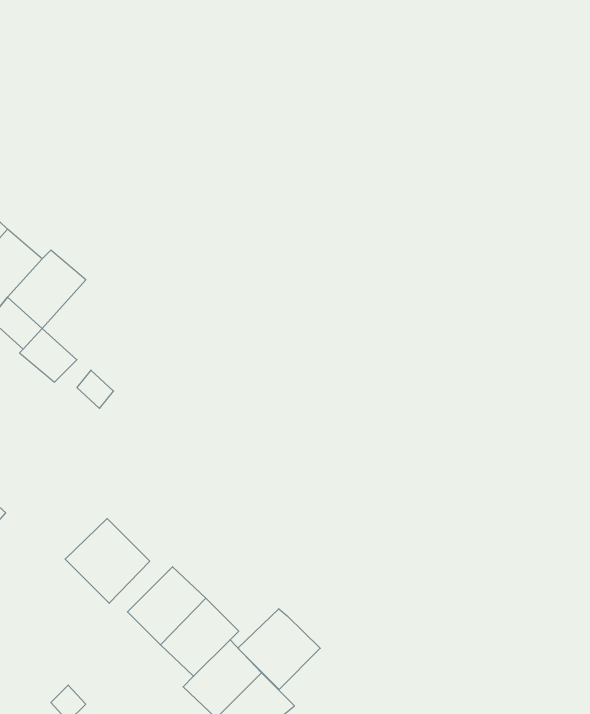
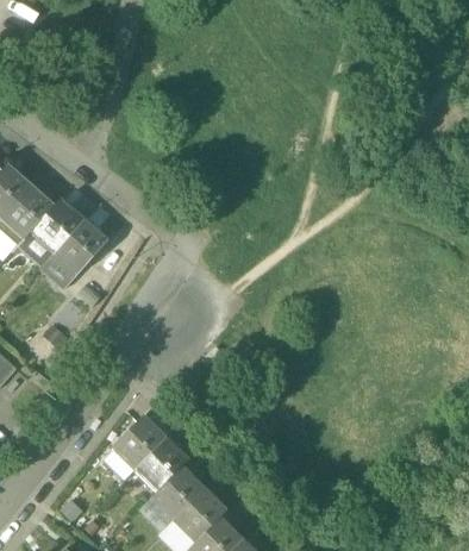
building: none -> [54,218,107,273]
building: [65,519,150,603] -> none
building: [238,609,320,689] -> none

